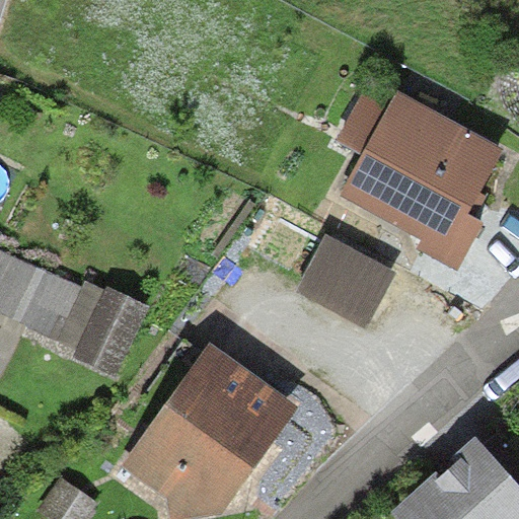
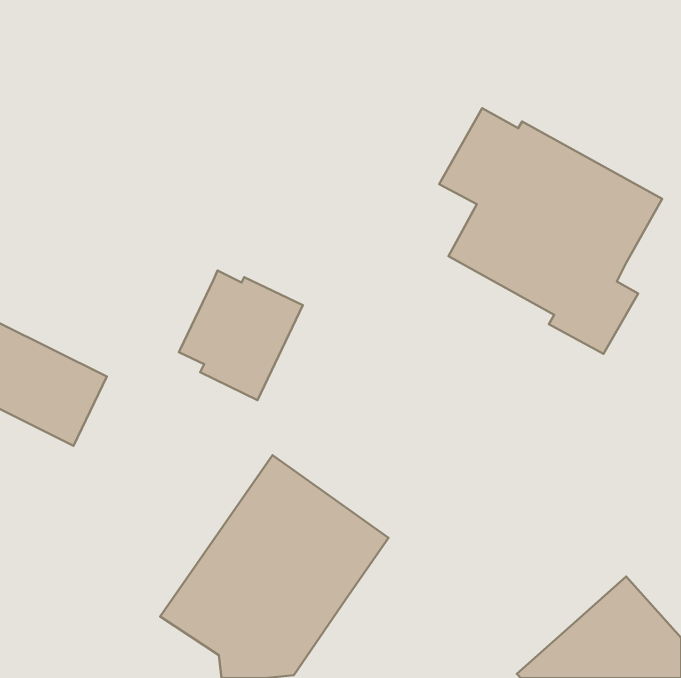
building: [296,235,396,328] -> none
building: [55,279,149,377] -> [179,271,303,400]

